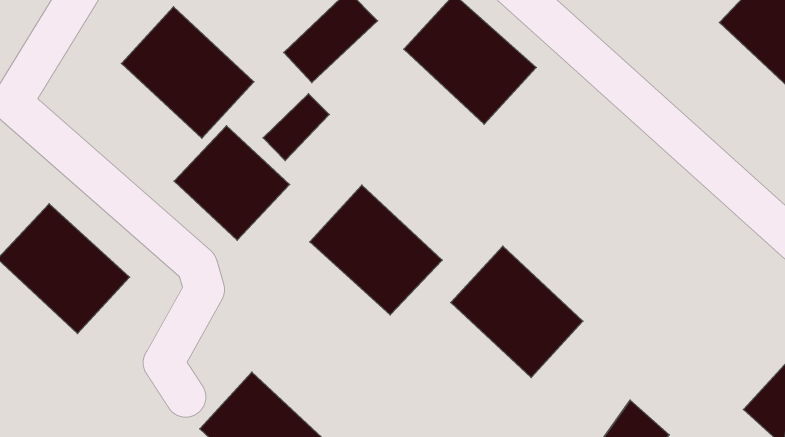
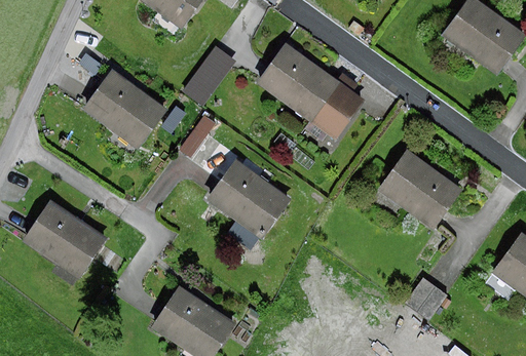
building: none -> [309,78,367,137]
building: [174,126,290,240] -> none
building: [451,246,583,378] -> [377,150,460,229]

